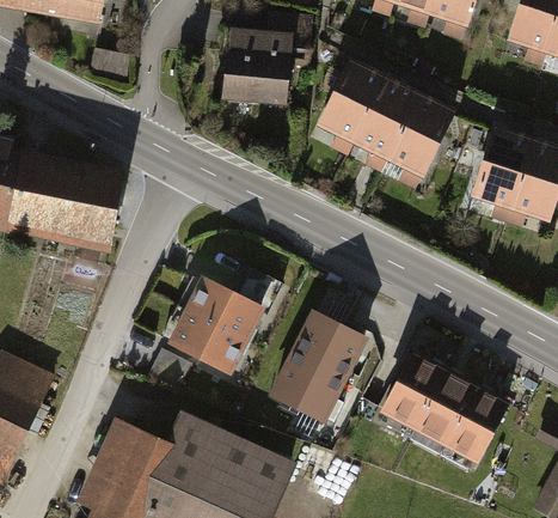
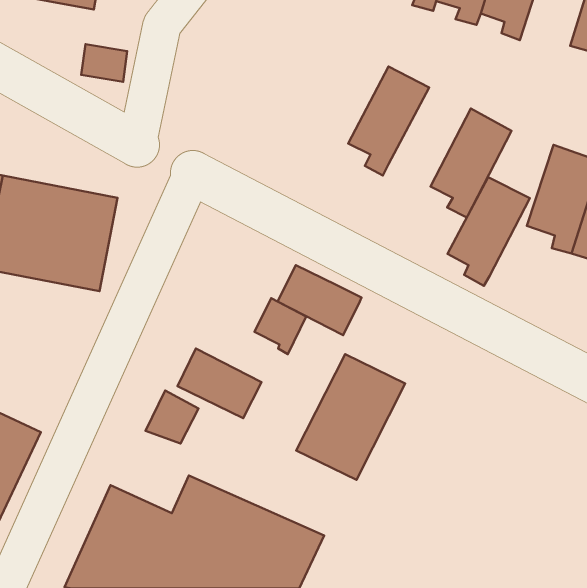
building: [217,12,312,110] -> none
building: [351,81,422,175] -> [448,177,530,286]
building: [186,274,258,334] -> [278,265,361,335]
building: [386,353,507,458] -> none

